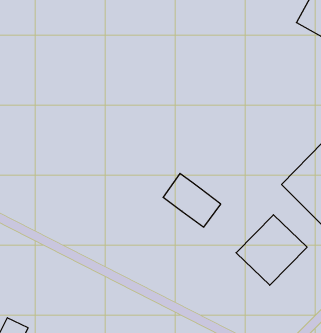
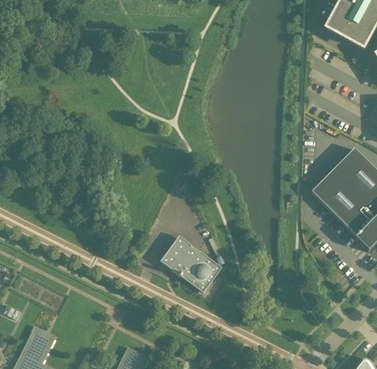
building: [163,173,221,227] -> [161,237,220,291]
building: [236,215,307,285] -> none

